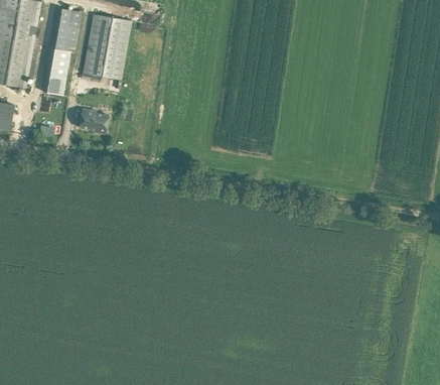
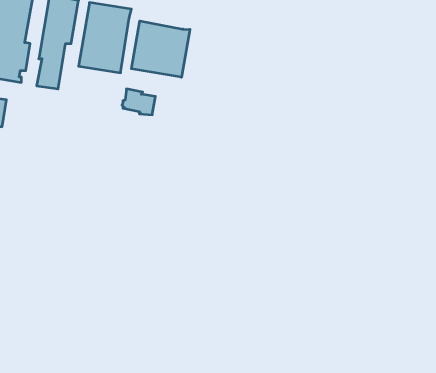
building: none -> [131,21,190,77]
building: [78,109,109,133] -> [122,89,155,115]

